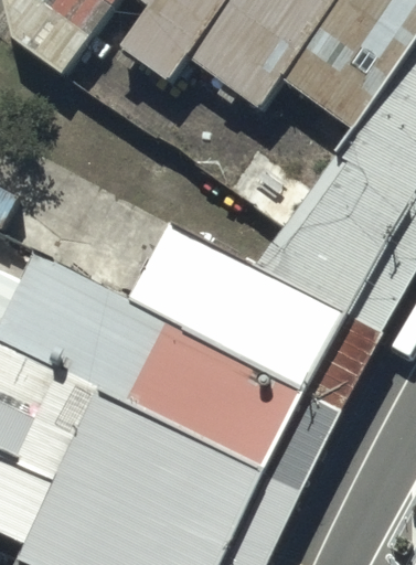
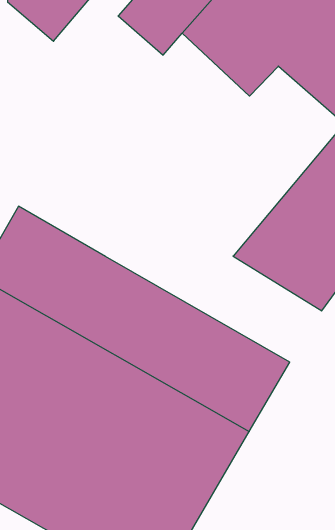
building: [129,226,345,365] -> none

